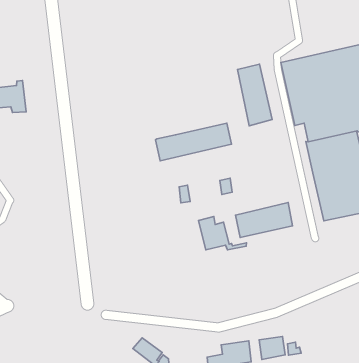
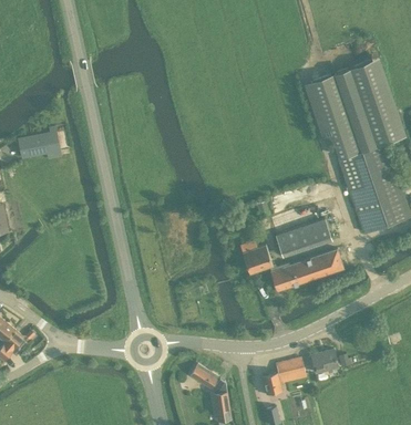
building: [237,64,272,126] -> none
building: [156,123,232,161] -> [269,249,343,292]

